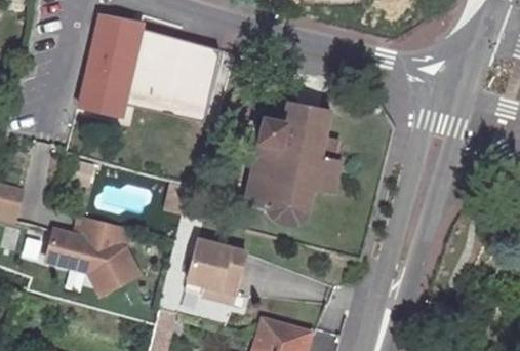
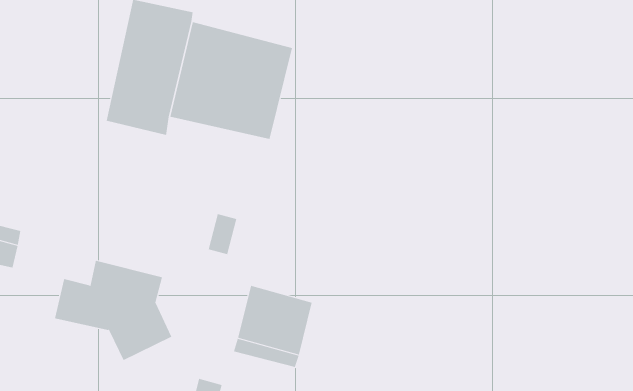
building: [243,101,338,225] -> none

